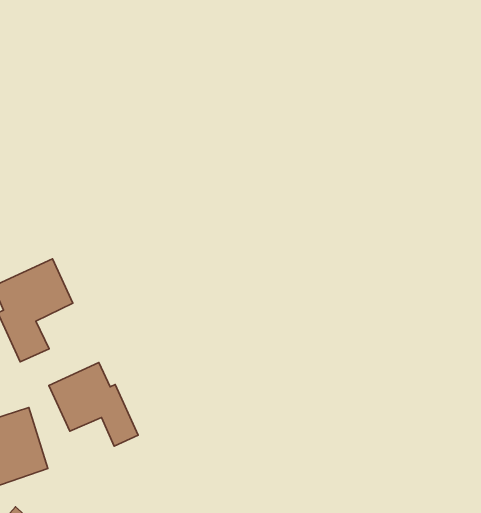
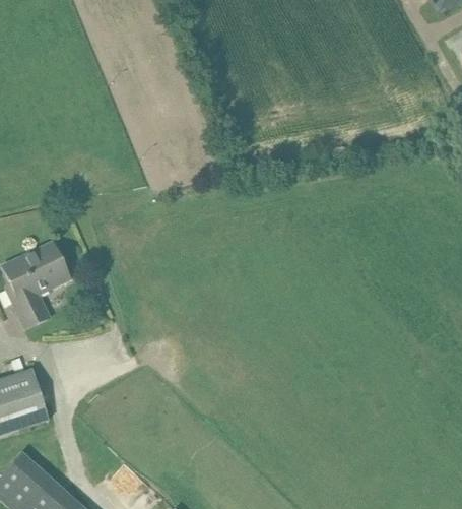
building: [49,362,138,446] -> none

